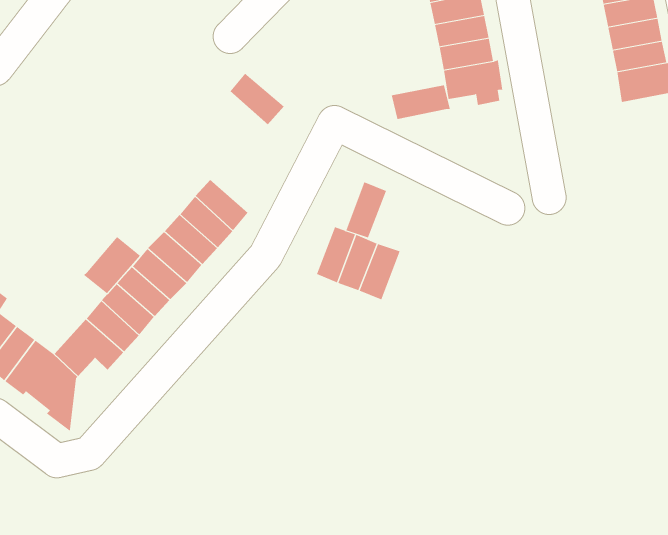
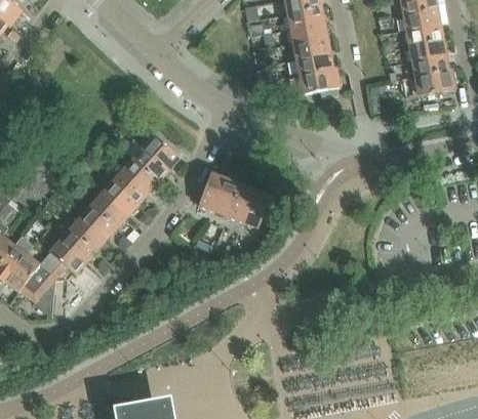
building: [229,73,285,125] -> [143,134,180,169]
building: [391,84,450,120] -> none
building: [345,181,387,238] -> [198,172,226,210]
building: [83,236,141,294] -> none

